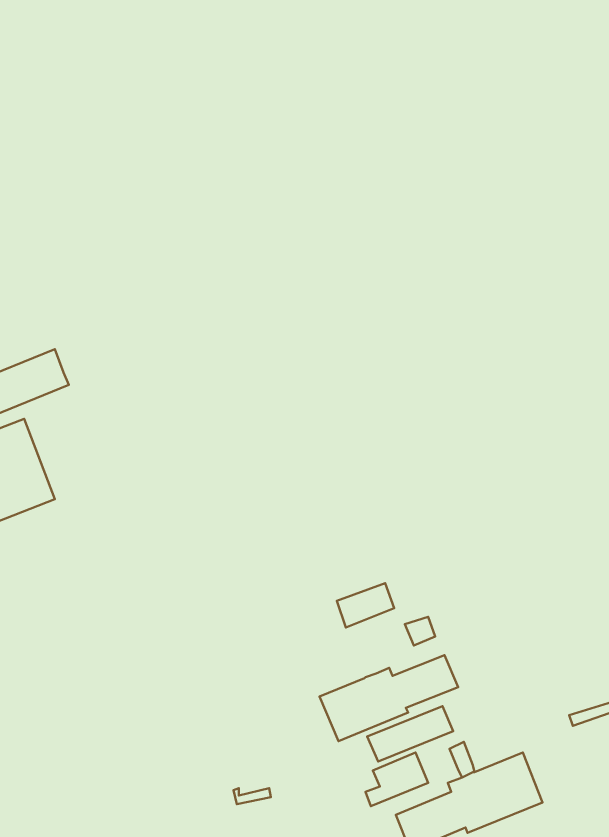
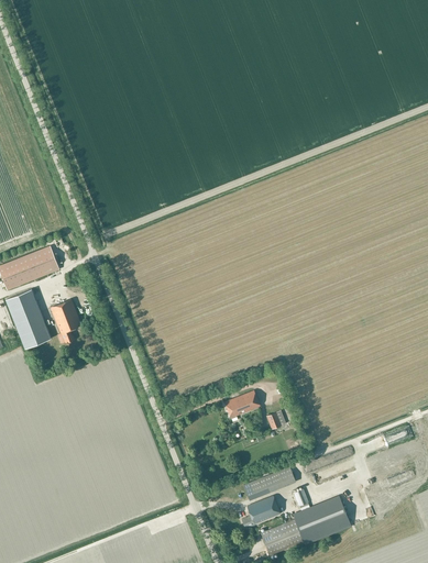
building: none -> [51,299,81,343]
building: [319,655,458,741] -> none

